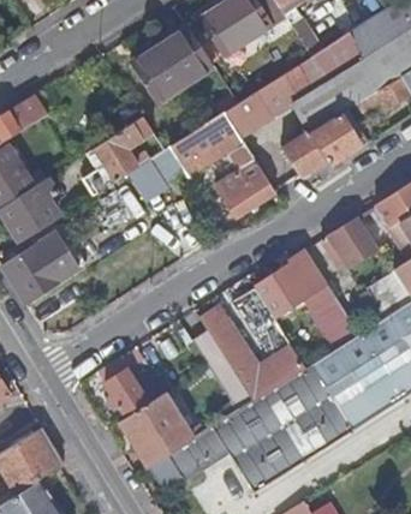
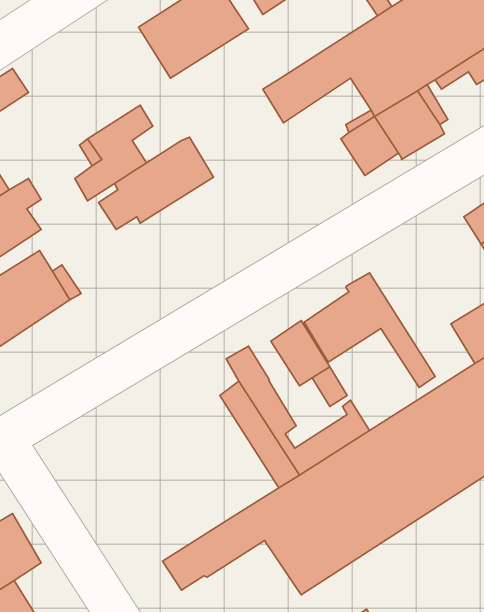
building: [169,110,244,177] -> none
building: [218,159,276,215] -> none
building: [323,217,380,273] -> none
building: [96,360,202,468] -> none

